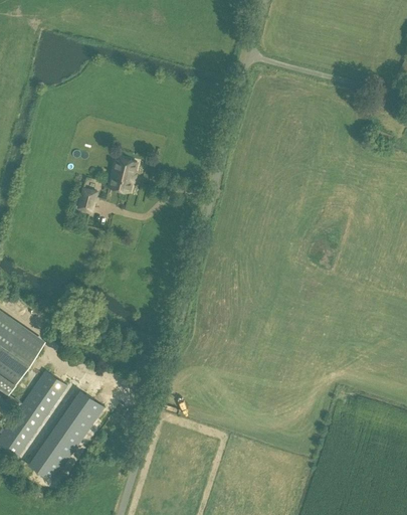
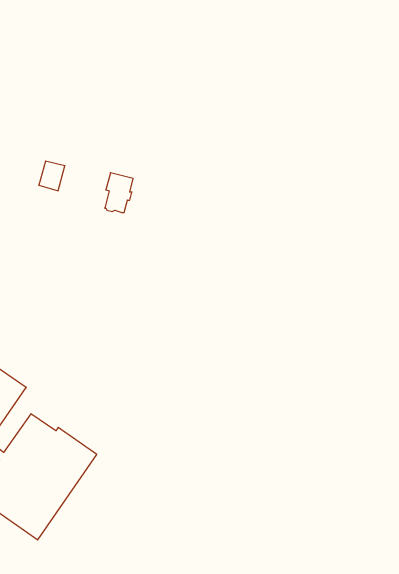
building: [76,186,99,212] -> [39,161,65,191]

